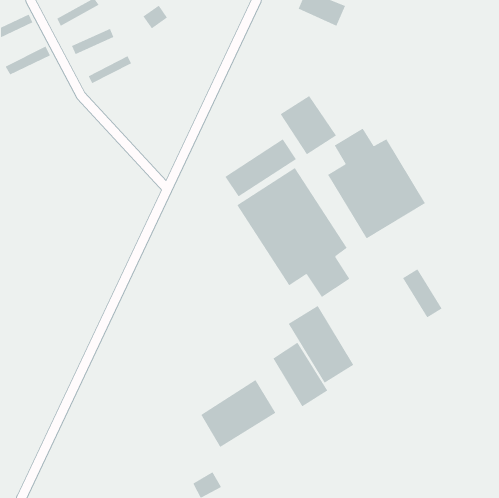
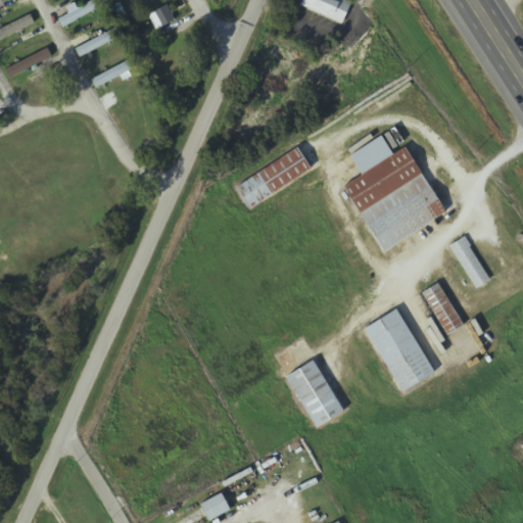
building: [280,95,337,155] -> none
building: [237,167,350,298] -> none
building: none -> [449,234,488,286]
building: [288,305,354,383] -> [364,307,433,389]
building: [201,379,276,448] -> none

